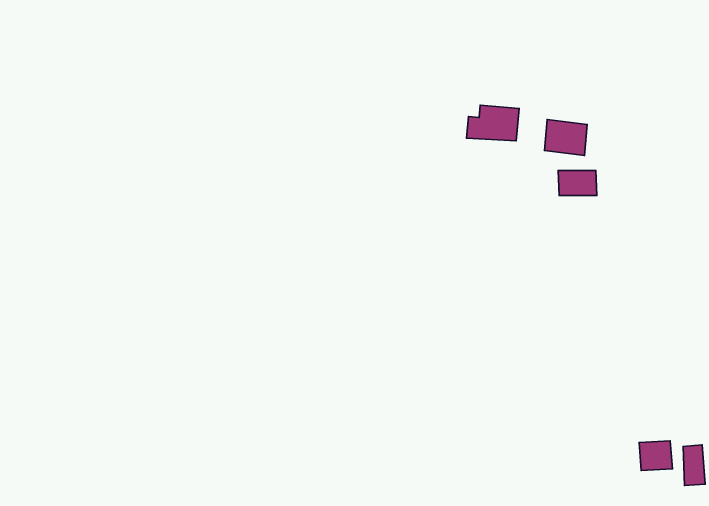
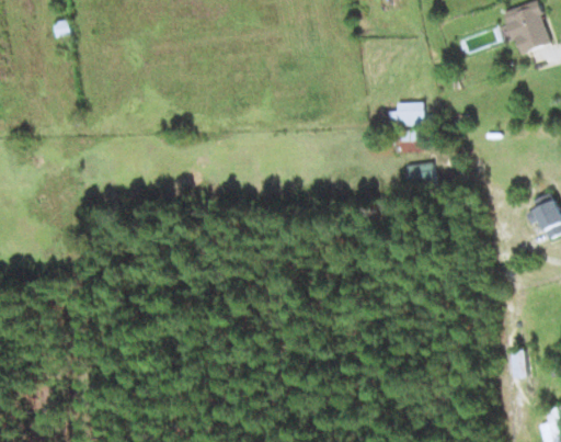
building: [466,105,519,141] -> [389,102,424,126]
building: [639,441,672,470] -> none

